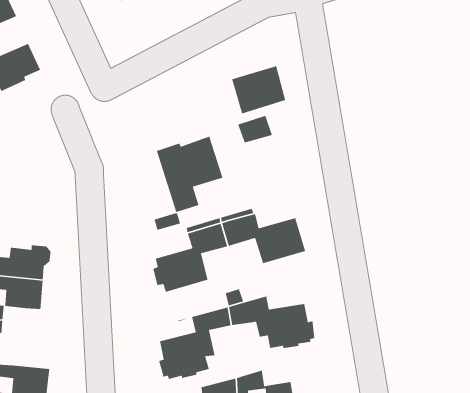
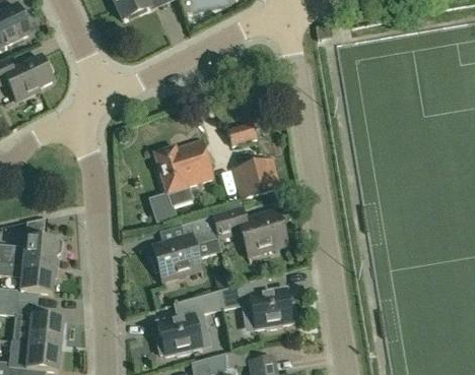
building: [231,65,286,114] -> [231,155,280,199]
building: none -> [27,315,62,345]

